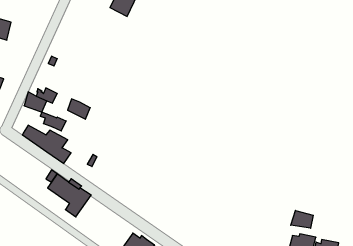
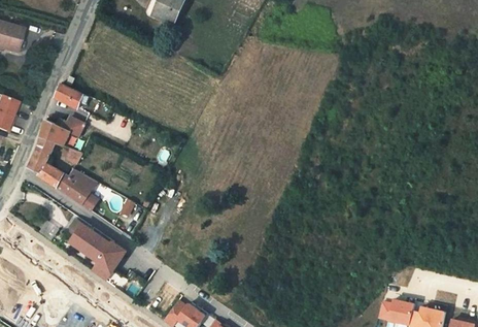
building: [68,99,90,119] -> [56,83,84,108]
building: none -> [29,137,56,172]
building: [291,210,313,228] -> none

